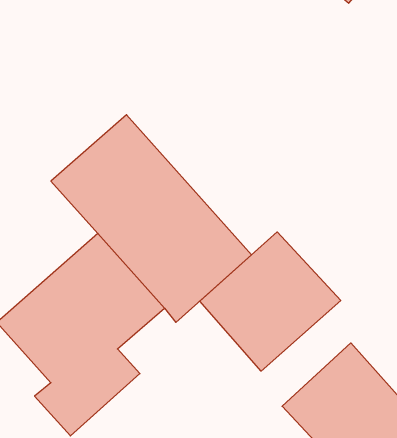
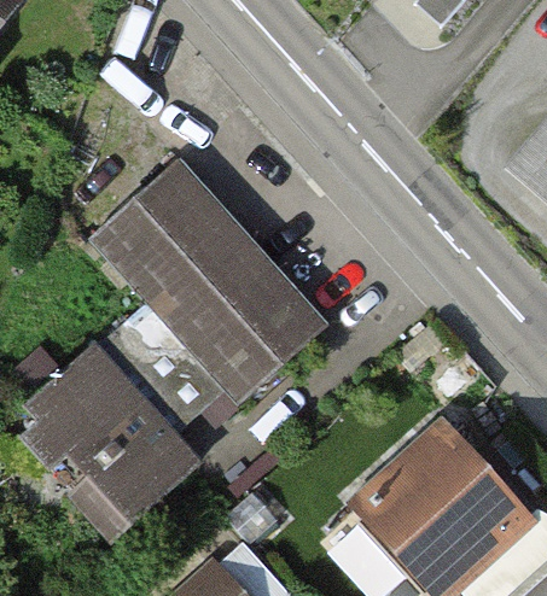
building: [200,232,341,371] -> none

